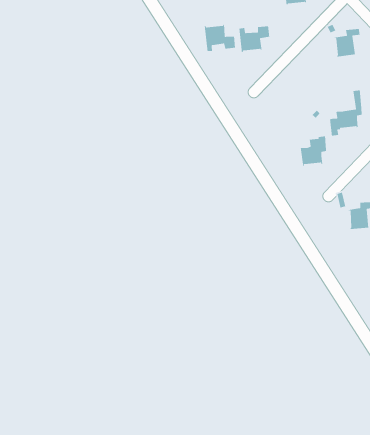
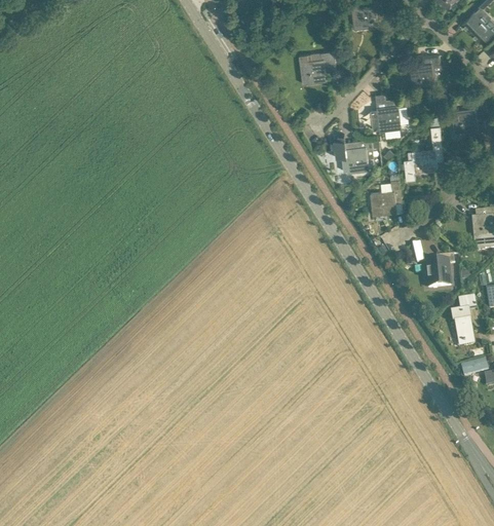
building: [204,24,236,52] -> none
building: none -> [371,96,409,136]
building: none -> [331,133,379,171]

